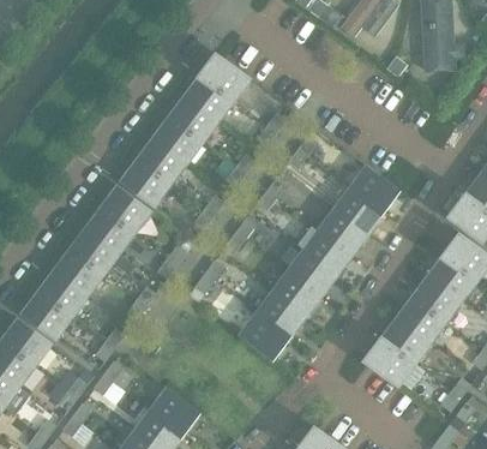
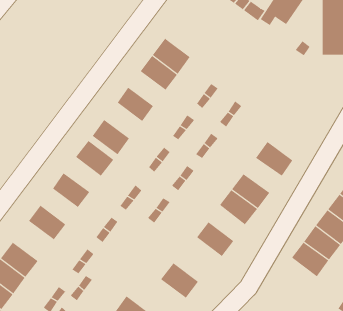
building: [168,96,217,142] -> none
building: [137,137,187,184] -> none
building: [349,166,399,212] -> none
building: [84,208,133,253] -> none
building: [318,209,368,255] -> none
building: [54,249,103,295] -> none
building: [272,270,320,317] -> none
building: [22,291,72,337] -> none
building: [240,312,290,359] -> [160,263,199,299]
building: [365,339,414,385] -> none

